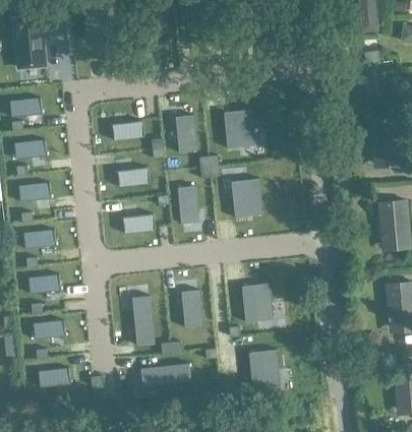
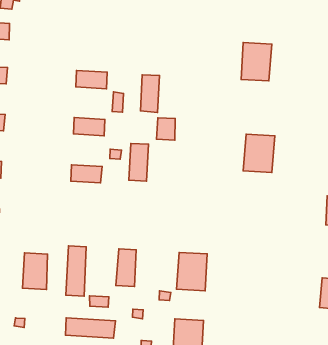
building: [224,110,255,149] -> [241,43,272,81]
building: [231,178,262,218] -> [243,134,275,172]
building: none -> [23,253,48,289]

